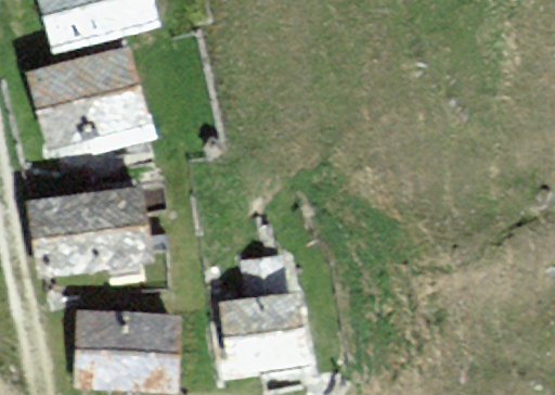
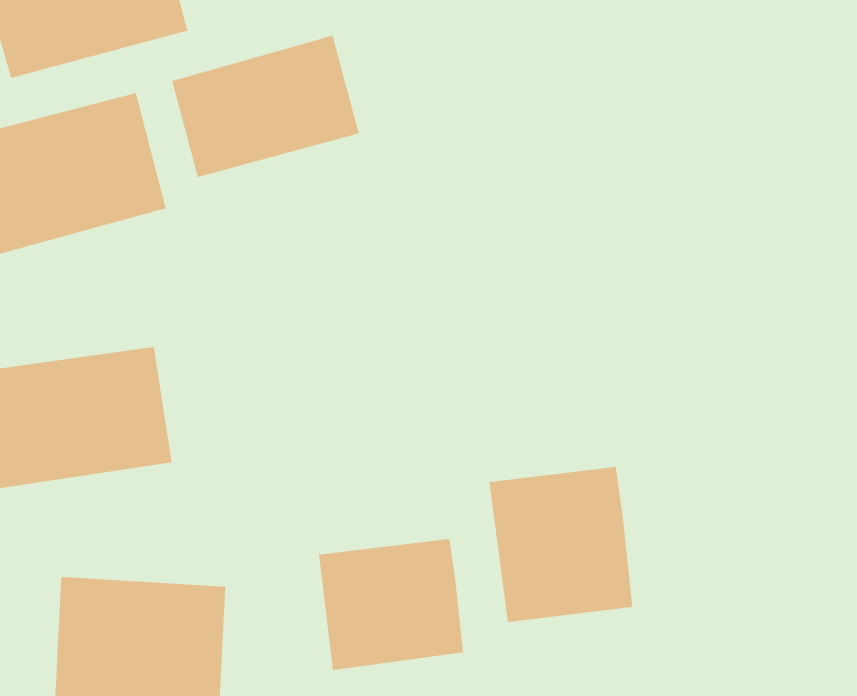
building: none -> [171,35,359,178]
building: none -> [489,466,633,623]

